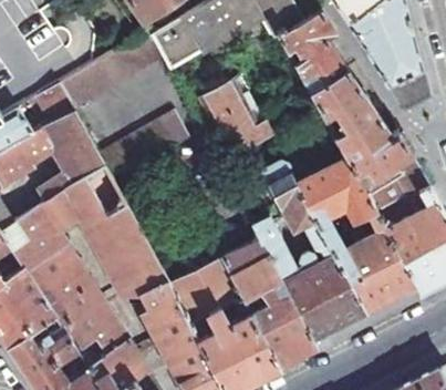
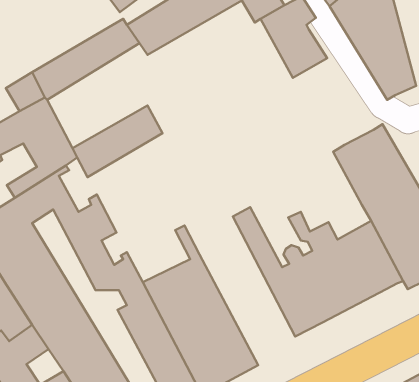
building: [194,65,271,154] -> none
building: [310,71,387,154] -> none
building: [266,156,376,237] -> none
building: [220,239,317,366] -> none

